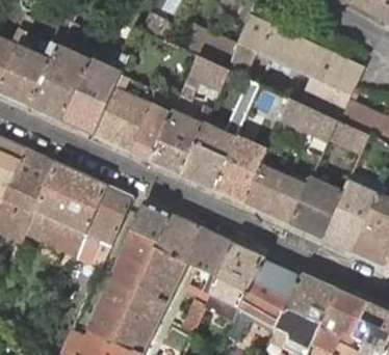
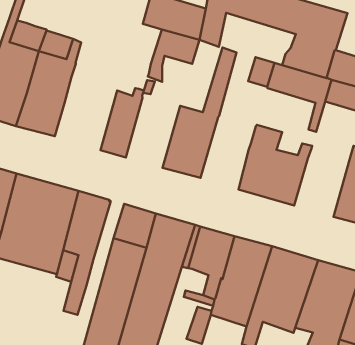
building: [95,76,154,153] -> none
building: [153,110,212,175] -> none
building: [214,138,268,203] -> none
building: [291,178,344,239] -> none

